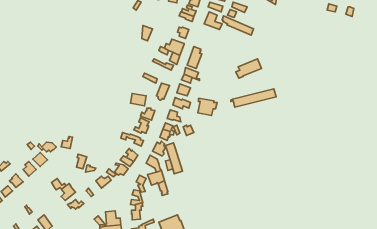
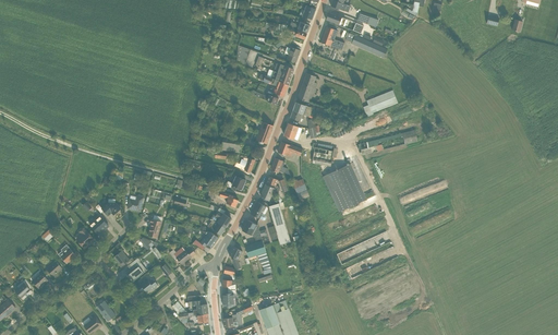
building: none -> [323,163,366,211]

